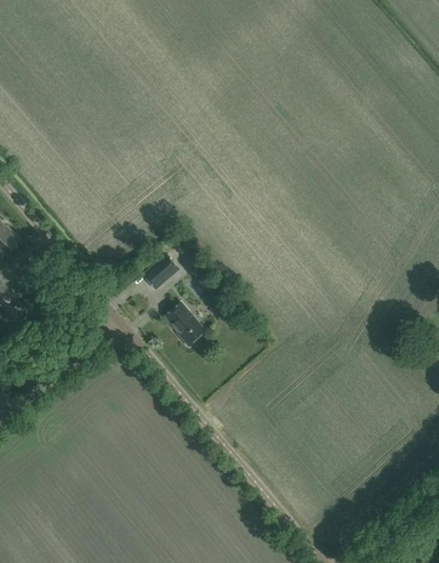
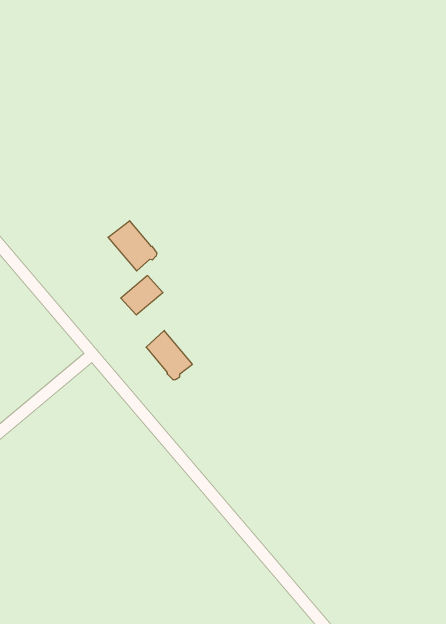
building: none -> [108,221,157,271]

